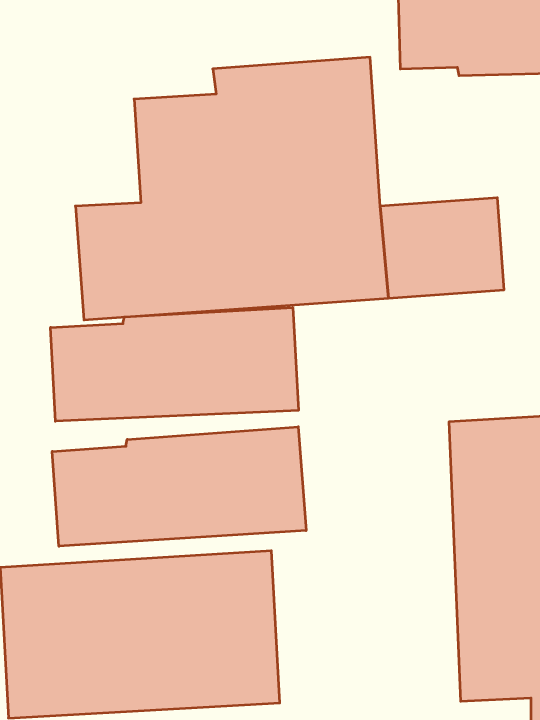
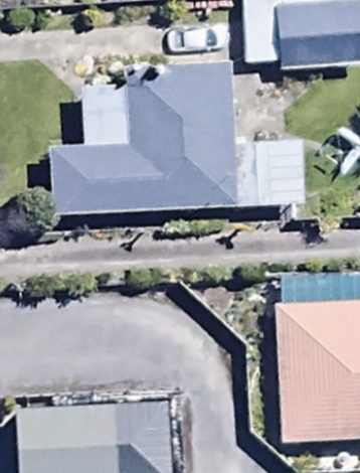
building: [51,308,298,421] -> none
building: [52,427,306,546] -> none

